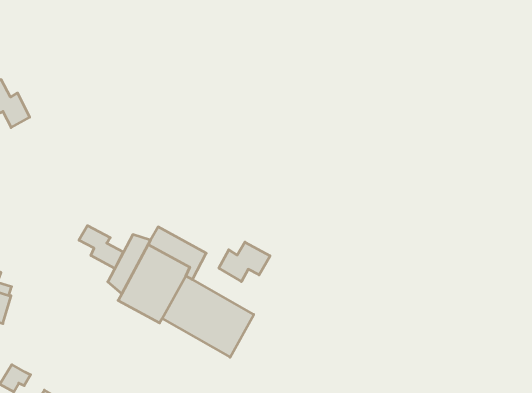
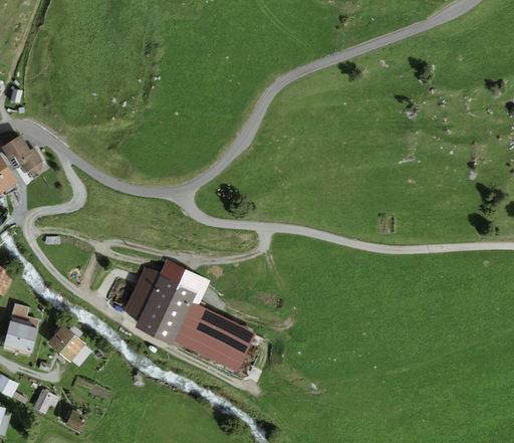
building: [79,226,123,269] -> none
building: [219,242,270,282] -> none
building: none -> [46,324,85,362]

